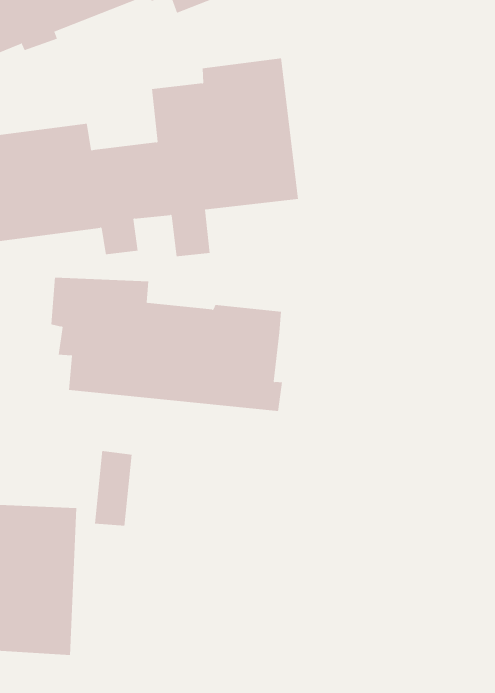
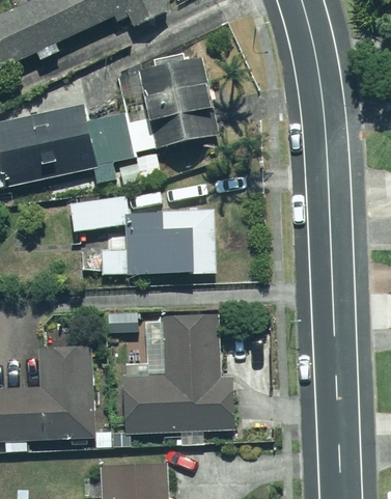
building: none -> [122,314,234,429]

